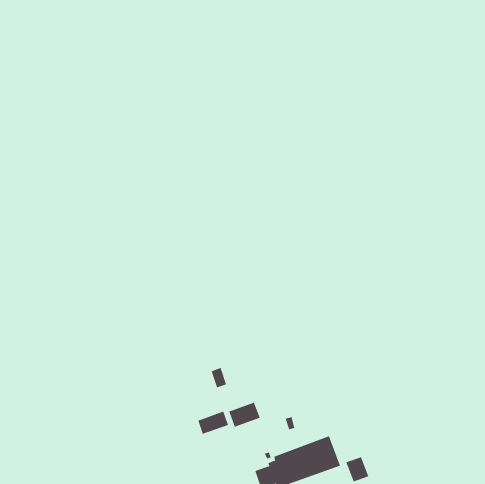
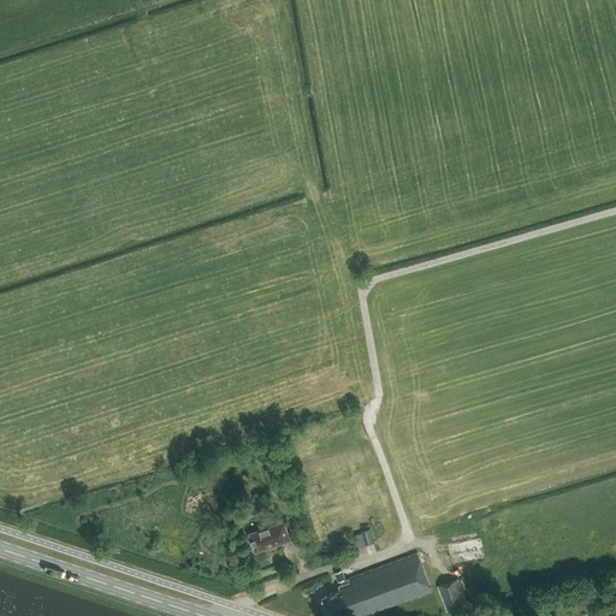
building: [228,402,260,428] -> none

